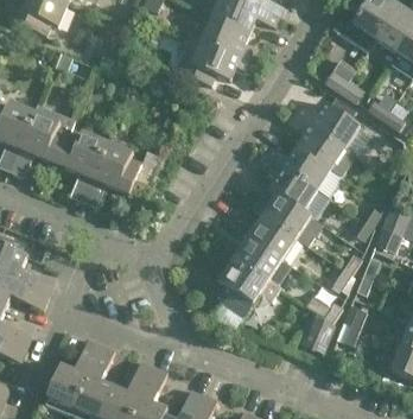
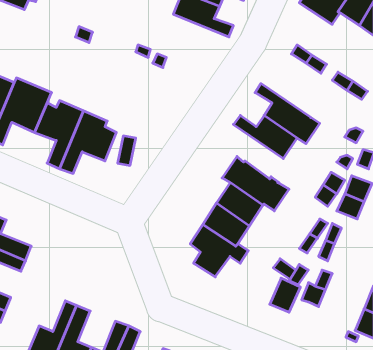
building: [177,36,260,84] -> none
building: [293,102,361,148] -> none
building: [259,155,317,212] -> none

